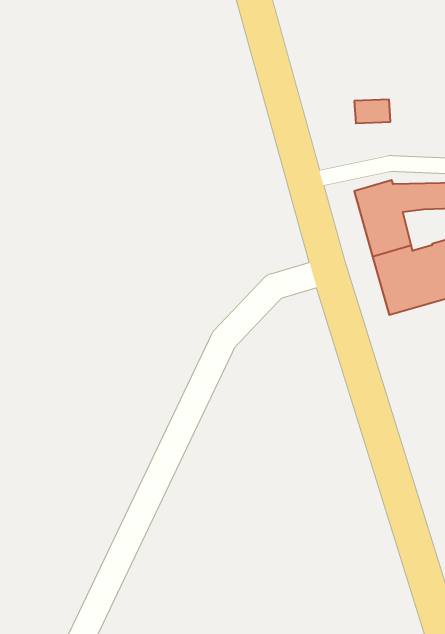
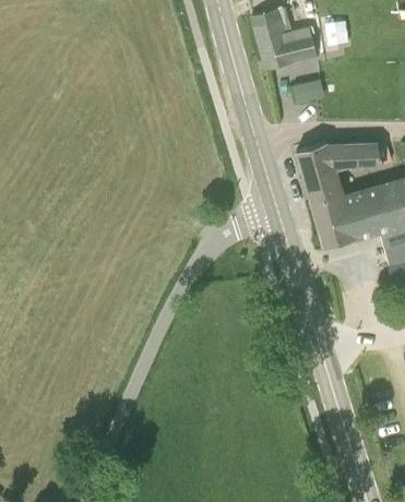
building: none -> [253,10,318,69]

